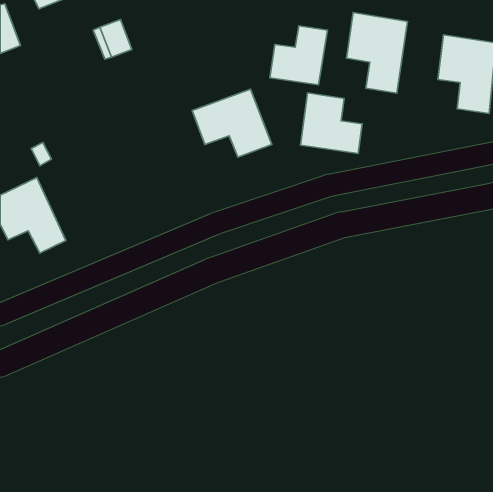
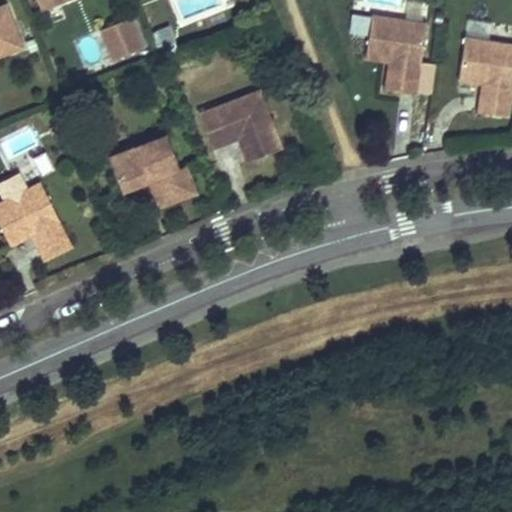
building: [270,26,327,85] -> none
building: [300,93,362,154] -> none
building: none -> [110,135,198,210]

